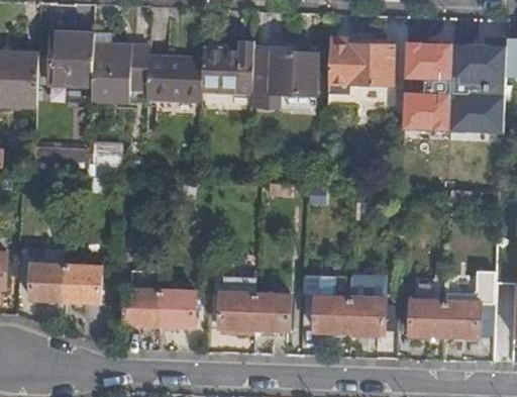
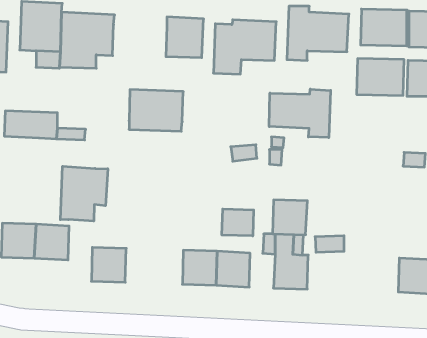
building: [146,57,203,100] -> [129,90,183,131]
building: none -> [269,89,331,138]
building: none -> [60,166,108,221]
building: none -> [222,209,254,236]
building: [160,290,195,326] -> none
building: [349,297,386,333] -> [273,200,307,235]
building: [409,299,445,335] -> none

